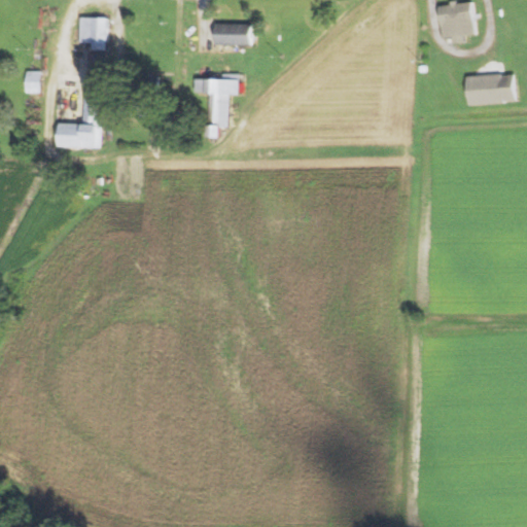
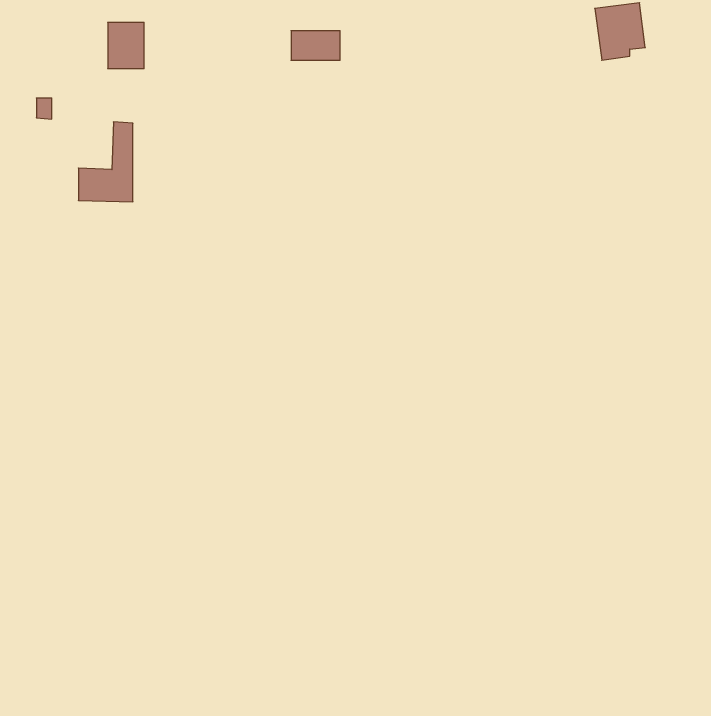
building: [195,74,239,138] -> none
building: [465,74,515,105] -> none

